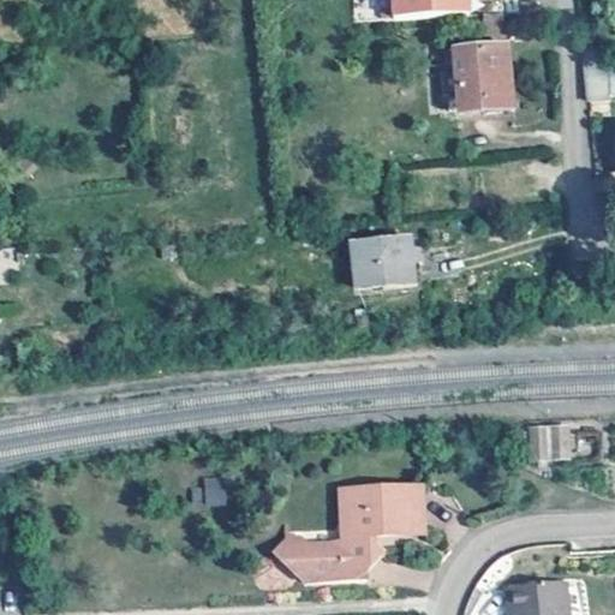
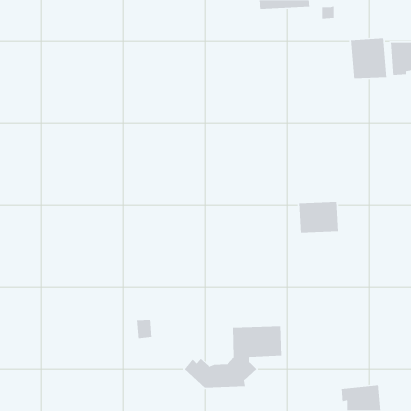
building: [453,46,508,108] -> [350,37,387,79]
building: [350,238,410,286] -> [298,201,339,233]
building: [530,423,573,460] -> none

